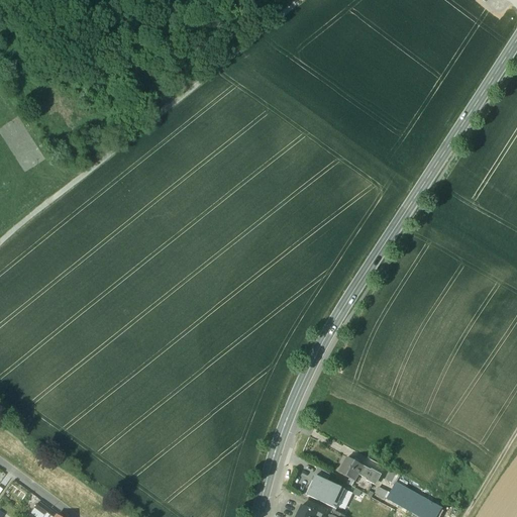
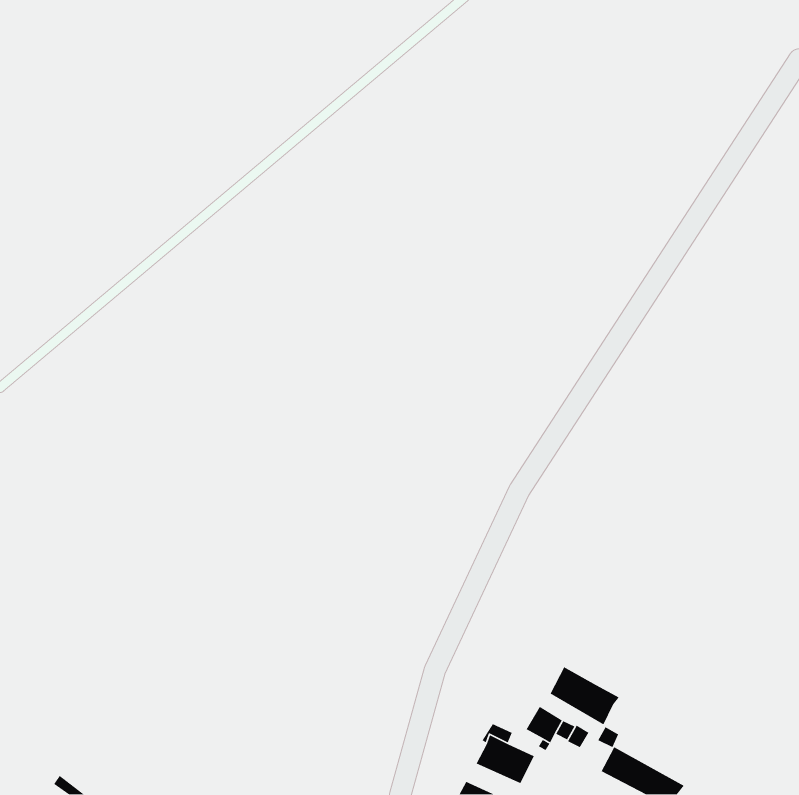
building: none -> [549,666,620,726]

